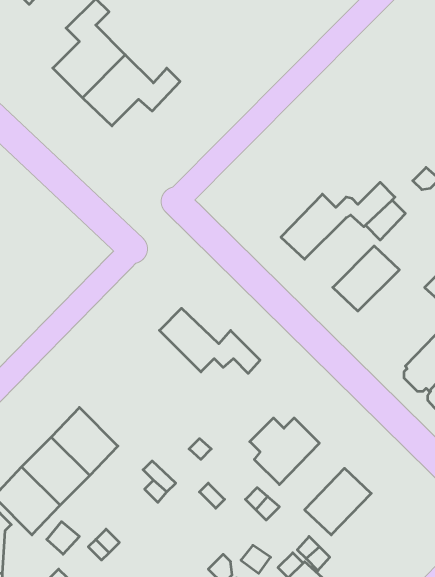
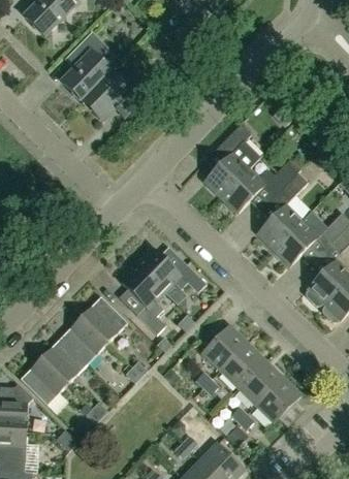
building: none -> [203,125,260,198]
building: none -> [274,221,318,265]
building: none -> [119,263,165,334]
building: none -> [80,296,127,344]
building: none -> [219,342,264,388]
building: none -> [255,377,300,423]

